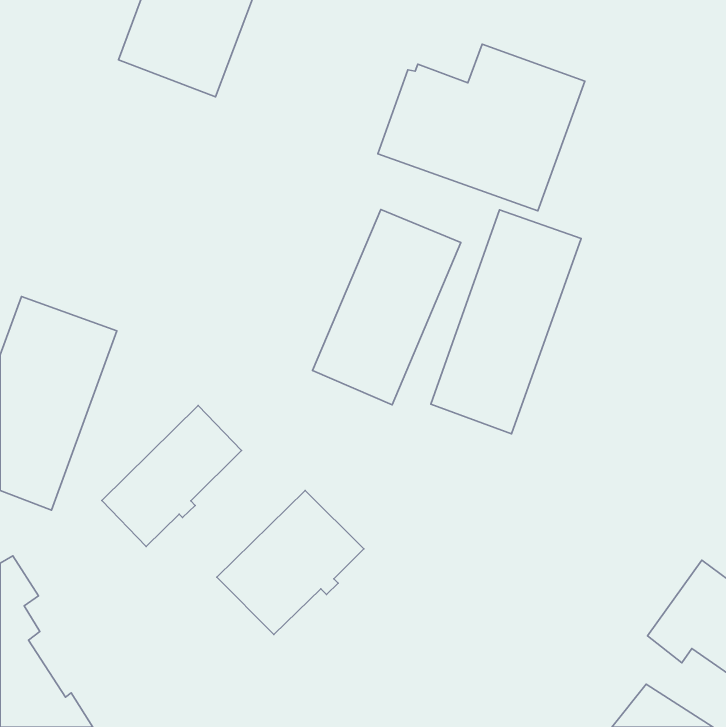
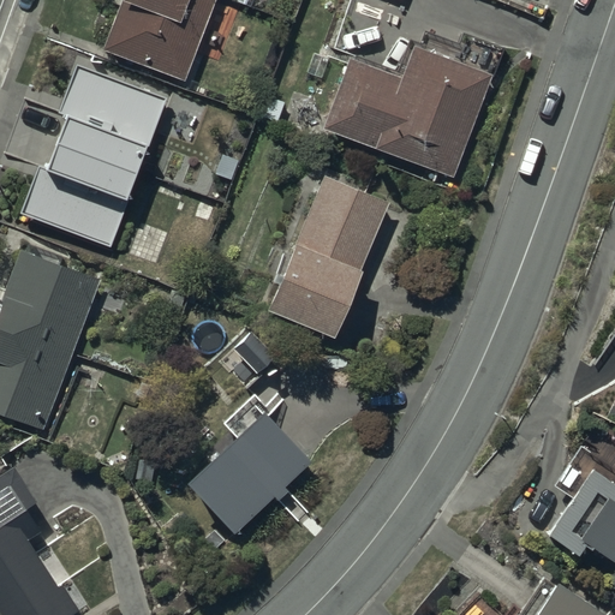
building: none -> [19,65,167,247]
building: [431,210,581,434] -> none
building: [102,406,241,546] -> none

